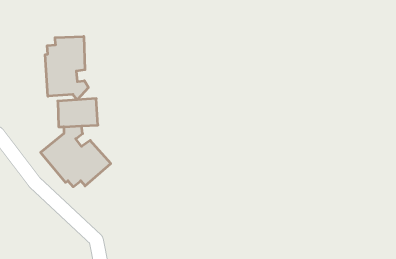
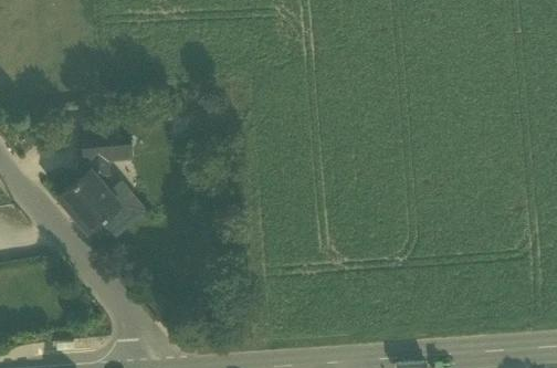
building: [45,36,88,100] -> none

